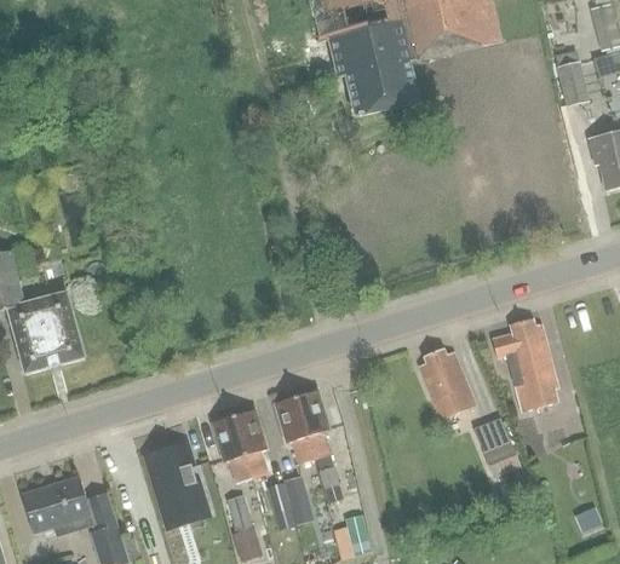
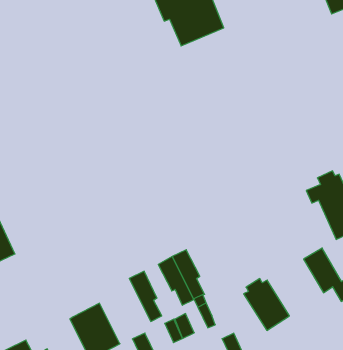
building: [418,349,475,420] -> [244,279,289,330]
building: [212,416,252,484] -> none

